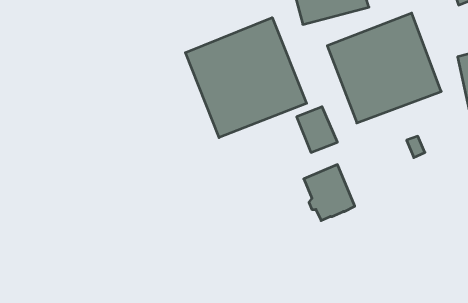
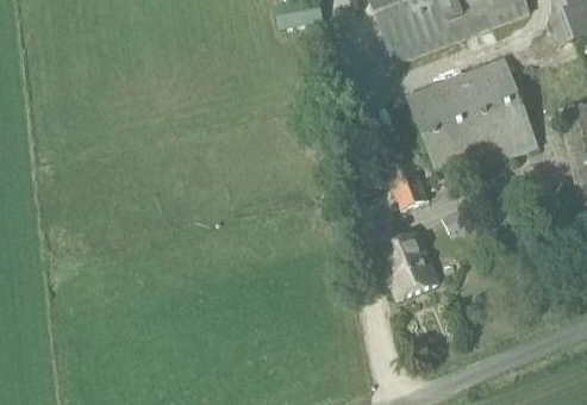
building: [185,18,307,138] -> none

